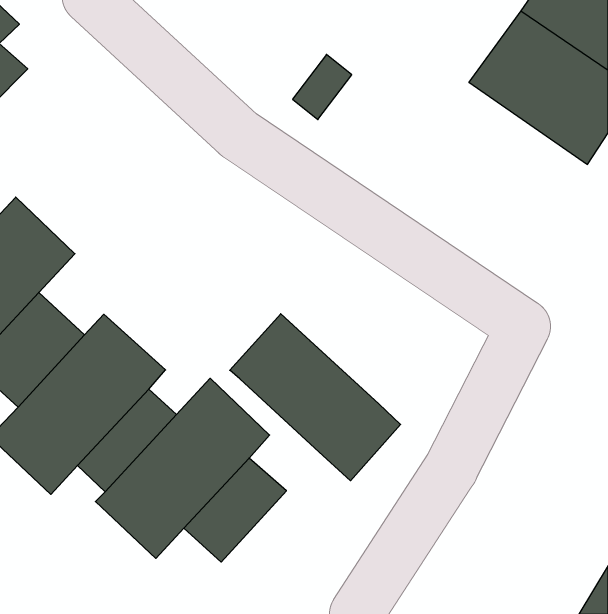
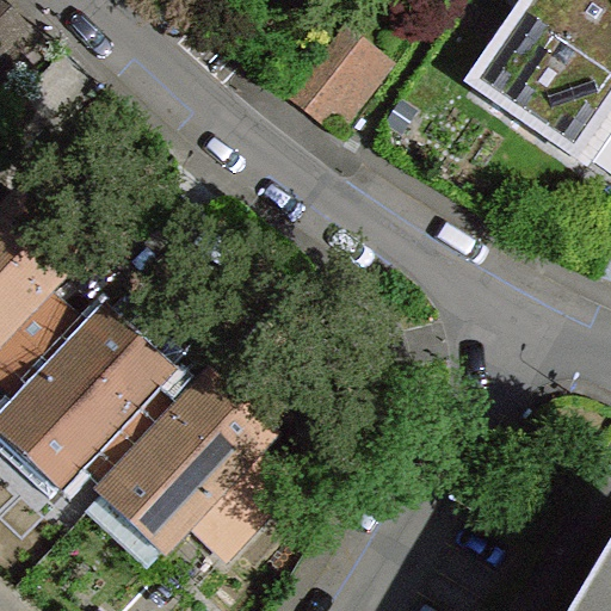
building: [230,314,401,481] -> none

